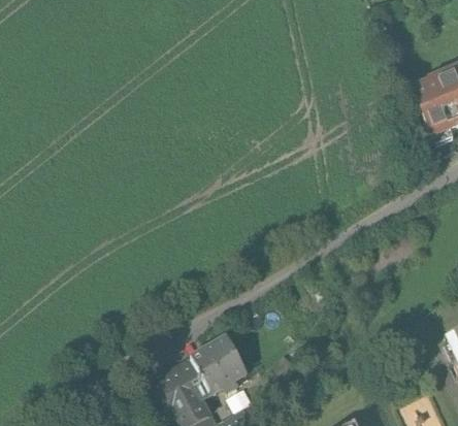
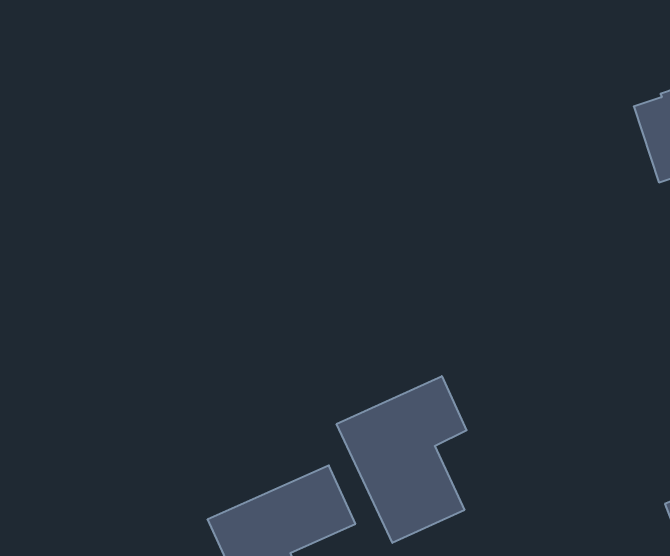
building: none -> [337,376,467,543]

